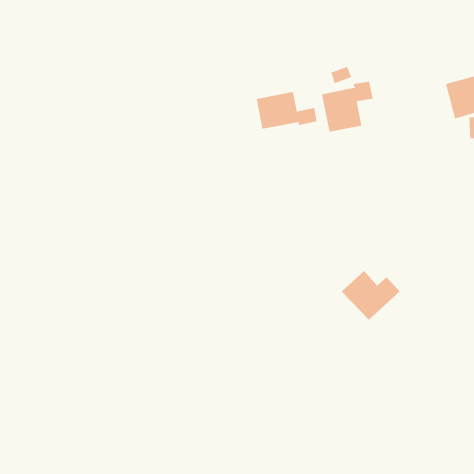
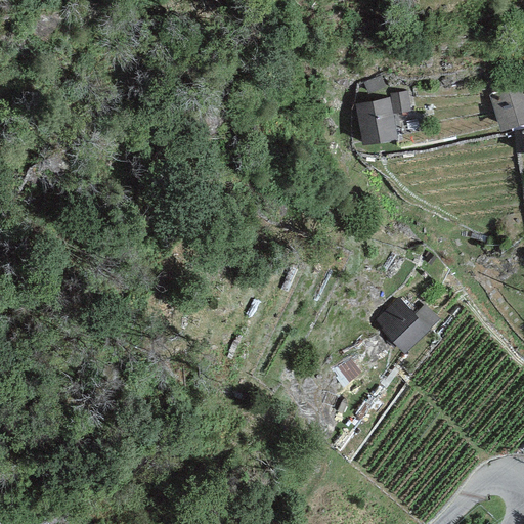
building: [256,91,317,130] -> none

